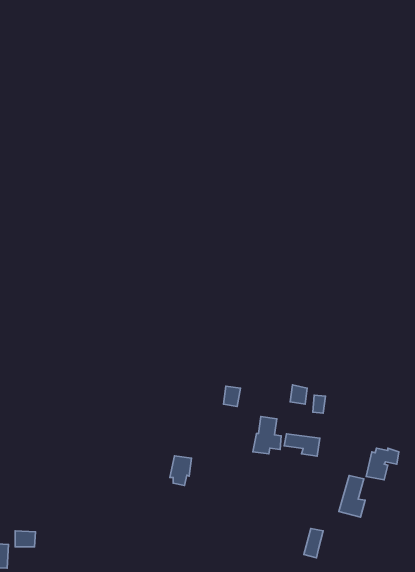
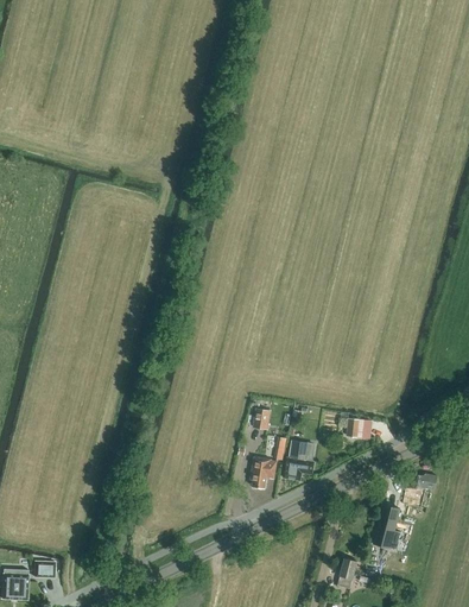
building: [284,434,320,456] -> none
building: [170,456,191,485] -> [249,457,272,488]

